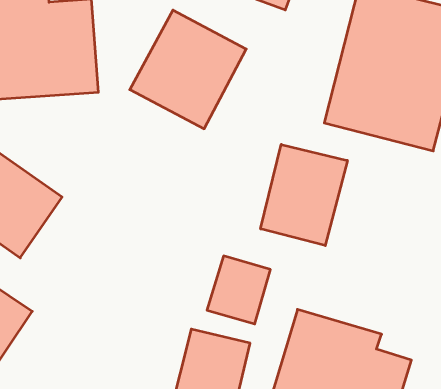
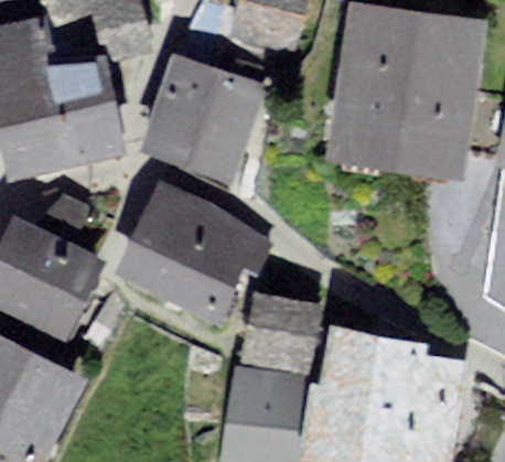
building: none -> [125,186,269,311]
building: [261,144,347,246] -> none

